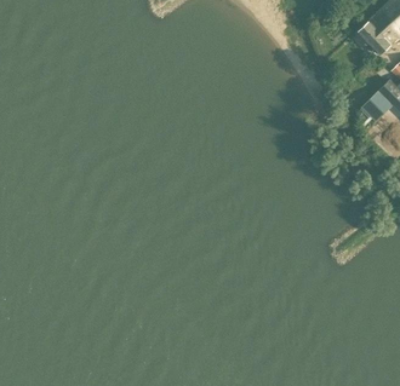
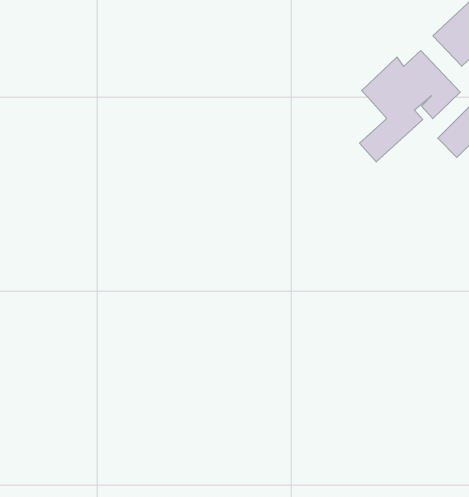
building: none -> [360,51,460,162]

